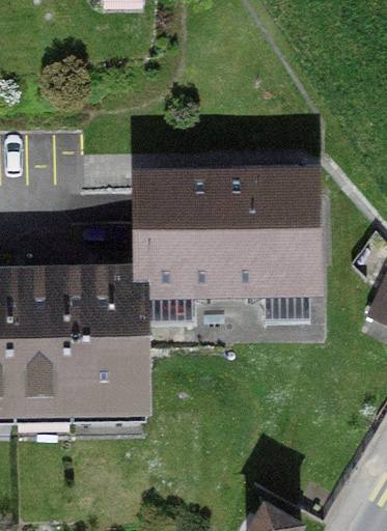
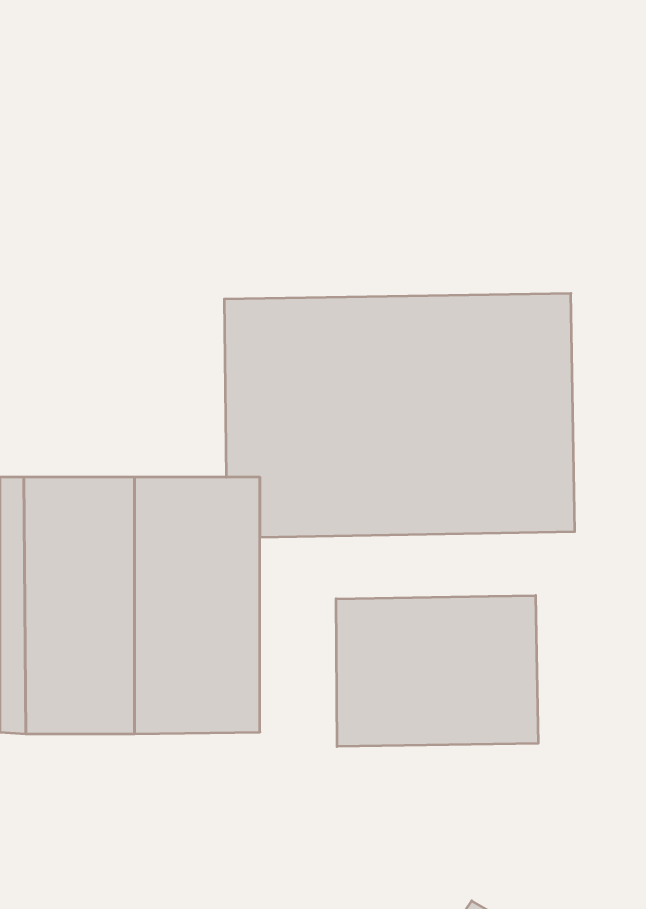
building: none -> [336,595,538,747]

